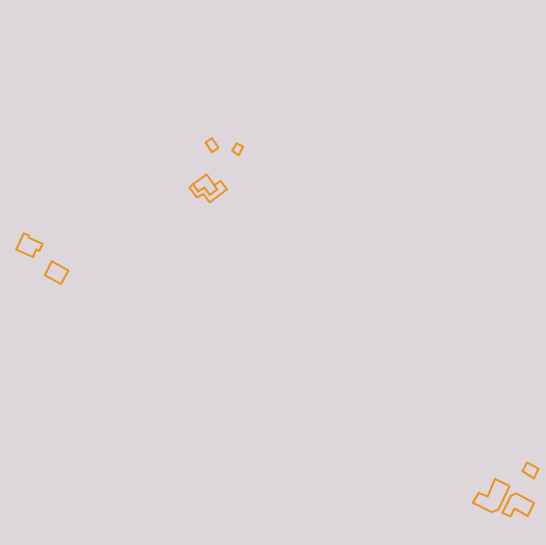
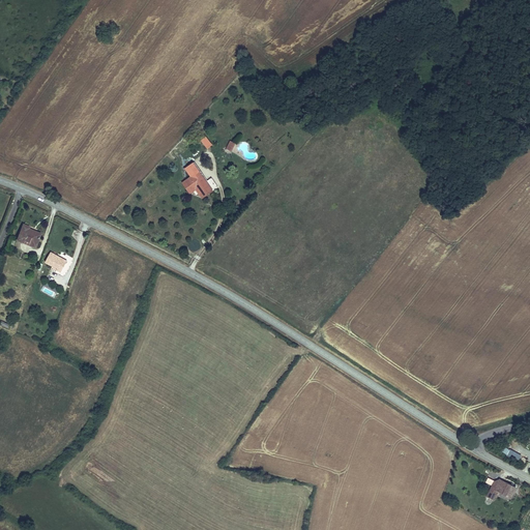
building: [473,479,509,512] -> none

